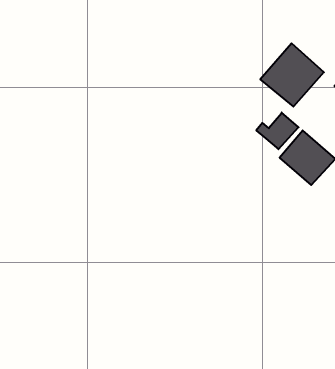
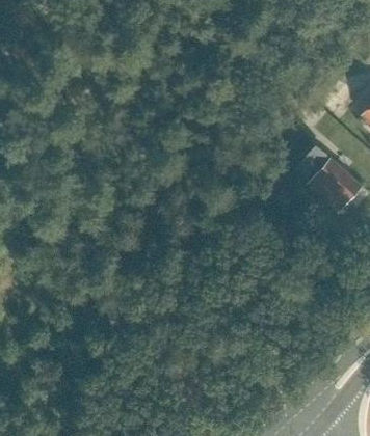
building: [260,43,324,107] -> none

